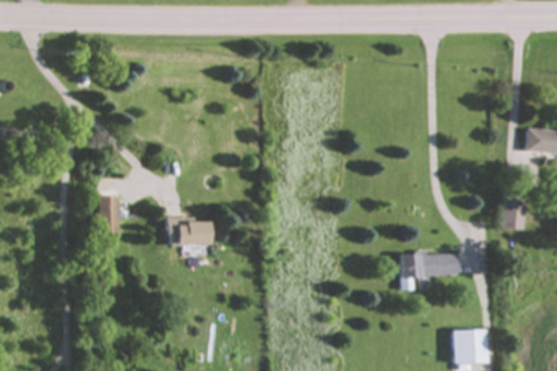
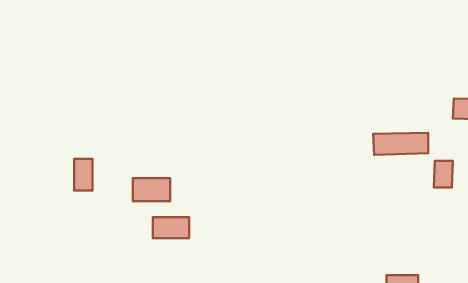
building: [397,252,459,277] -> [373,133,428,155]
building: none -> [153,217,189,238]

